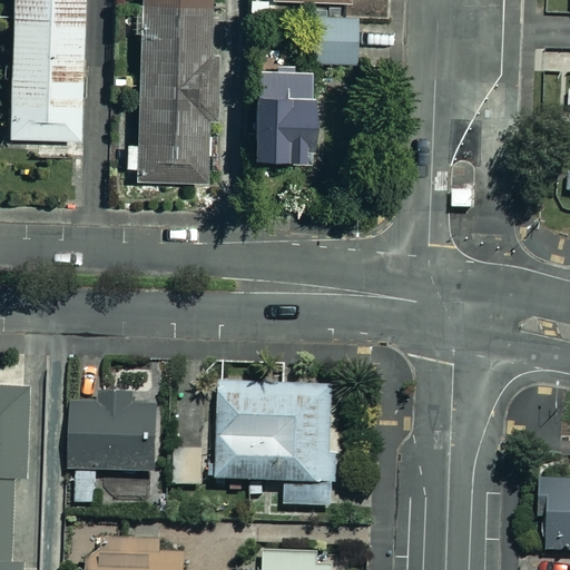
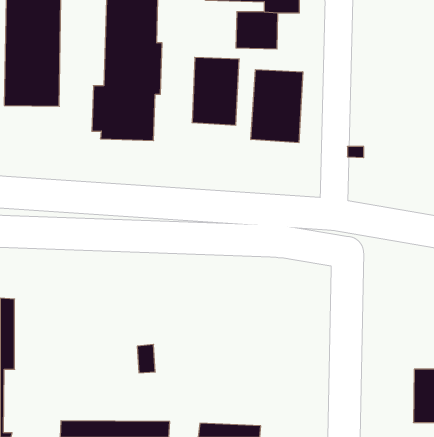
building: none -> [251,70,303,143]
building: [218,384,334,504] -> none
building: [71,395,155,501] -> none

